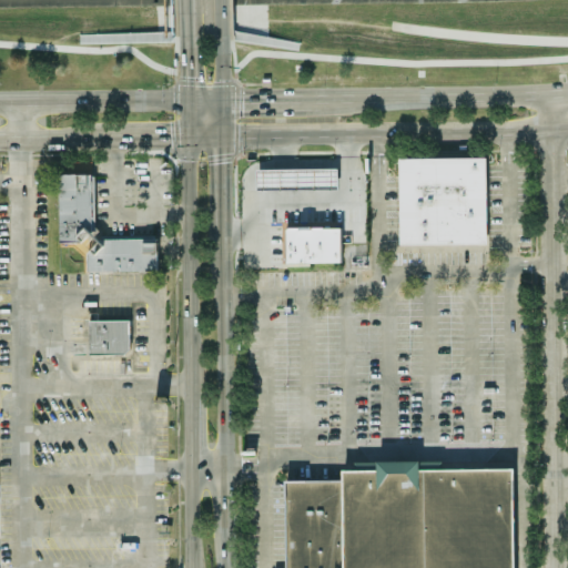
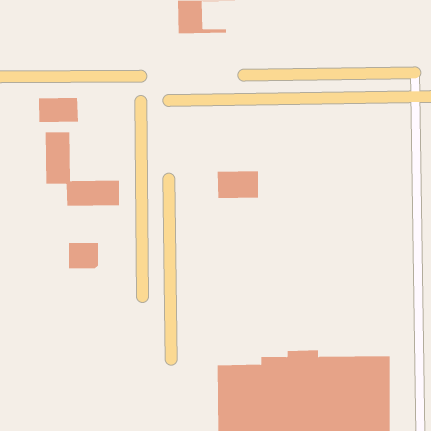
building: none -> [39,97,78,123]
building: [399,158,488,245] -> none
building: [257,169,339,187] -> none

